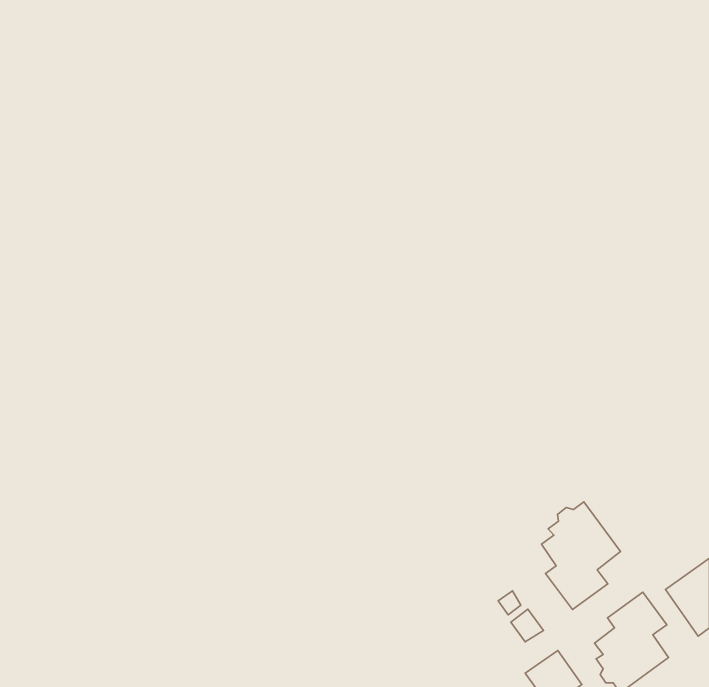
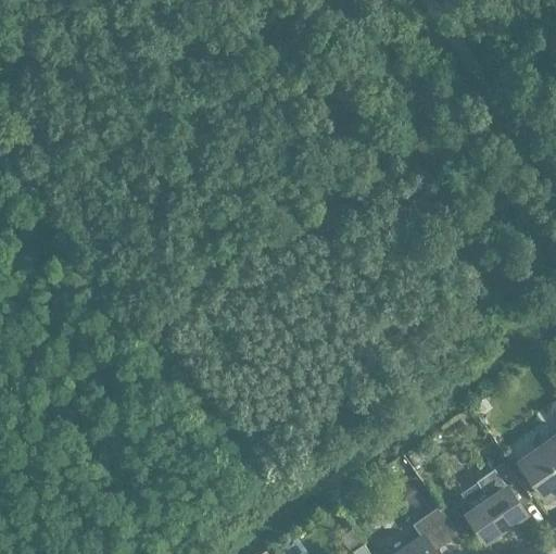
building: [541,502,620,610] -> none

